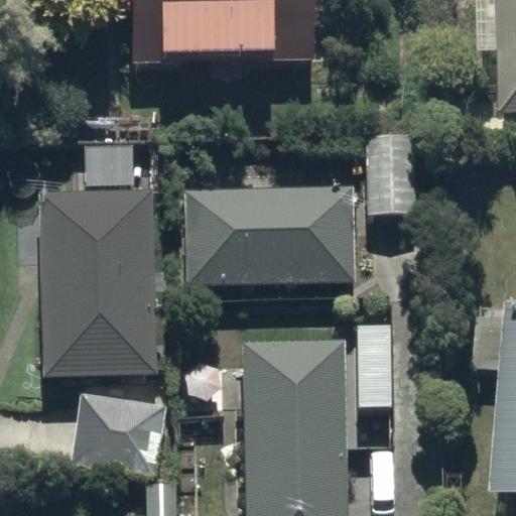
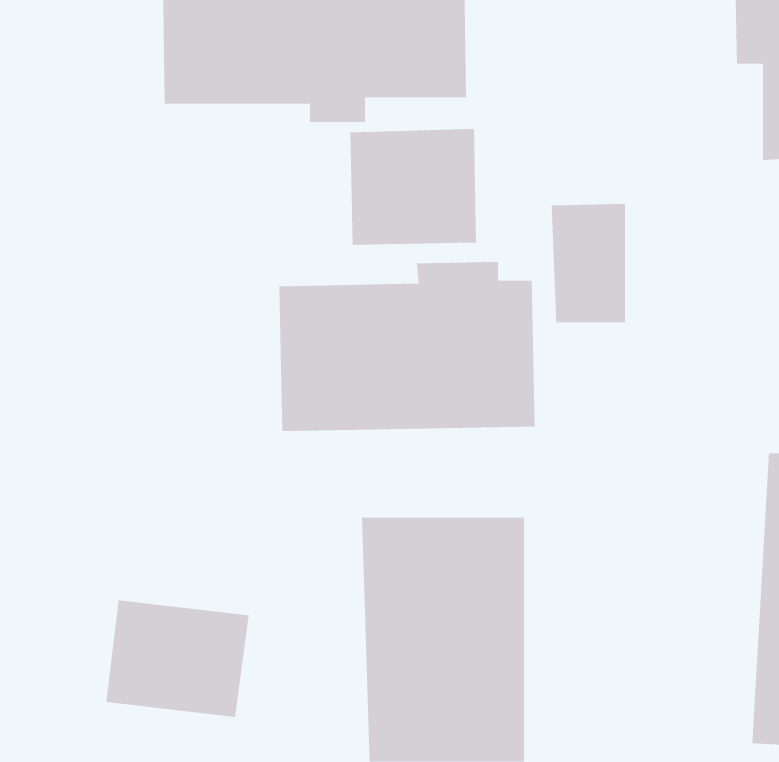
building: none -> [350,128,477,246]
building: [41,191,153,376] -> none

